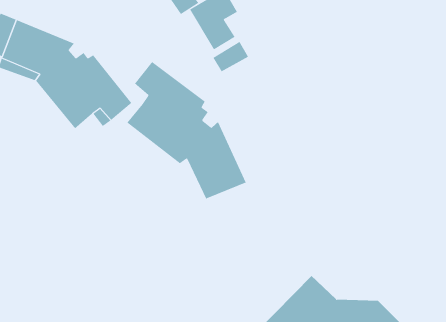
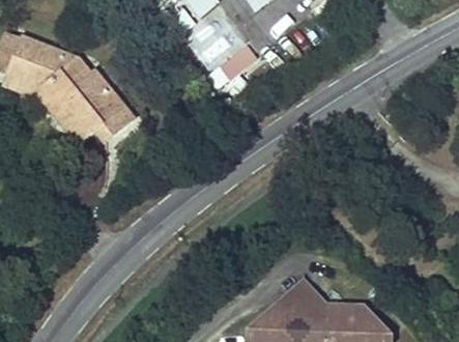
building: [126,61,247,200] -> none

